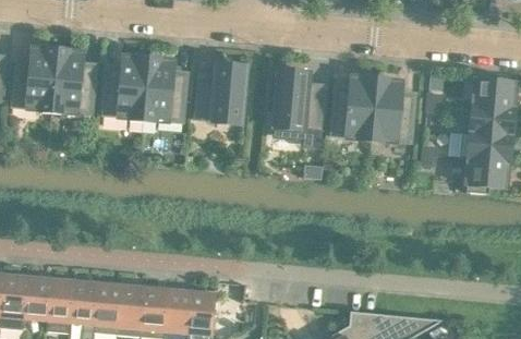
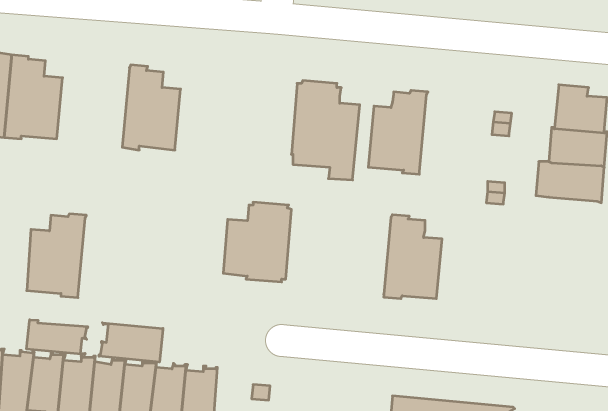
building: [102,56,148,120] -> [27,214,86,298]
building: [194,63,246,124] -> [223,202,291,282]
building: [369,77,414,142] -> [384,215,442,299]
building: [465,158,506,193] -> none
building: none -> [27,320,88,355]
building: none -> [99,323,163,362]

